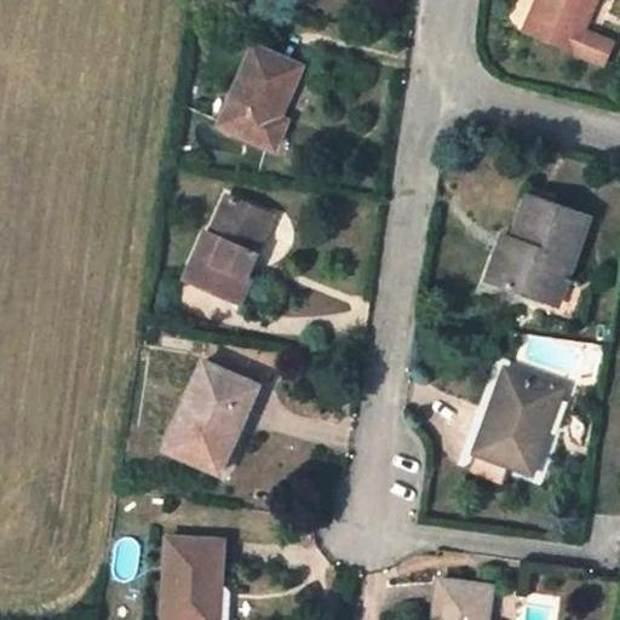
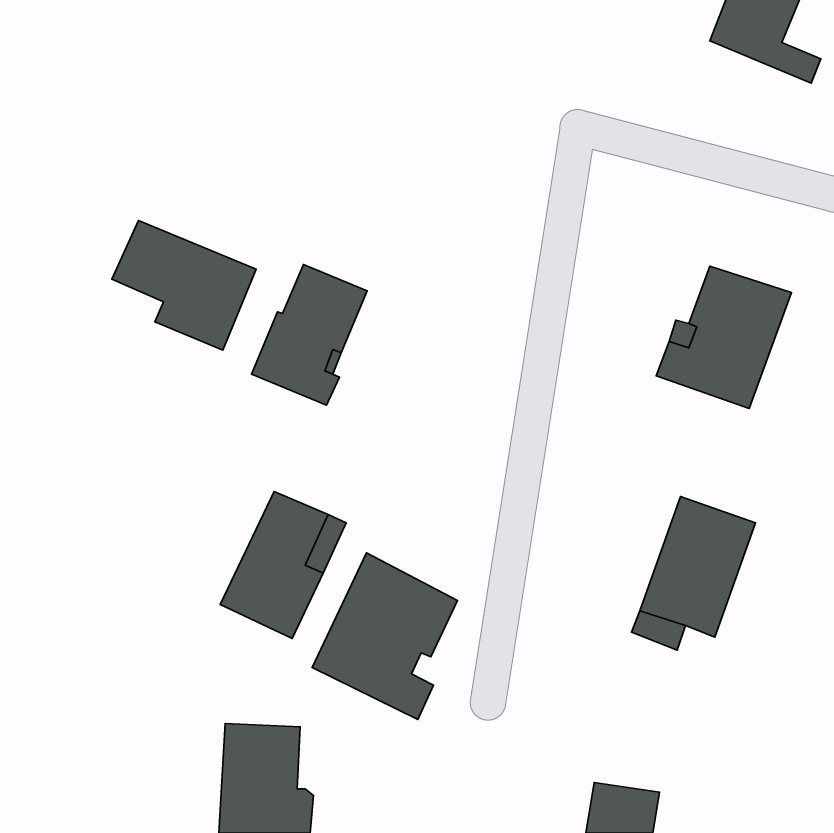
building: [219,46,302,148] -> none
building: none -> [112,221,256,350]
building: none -> [312,553,457,719]

